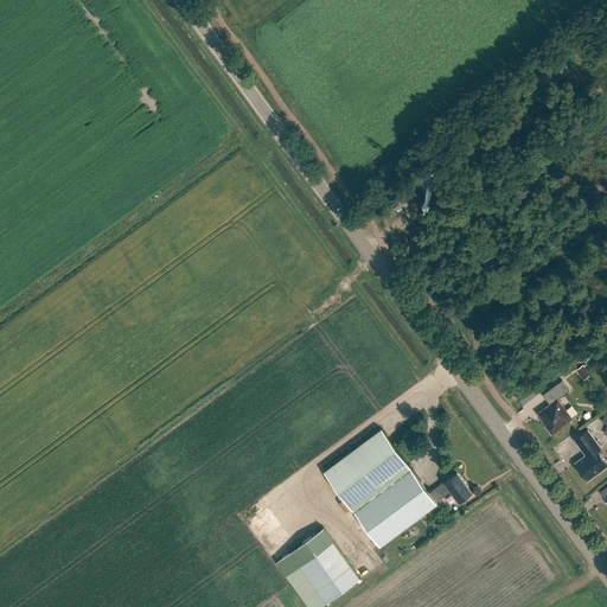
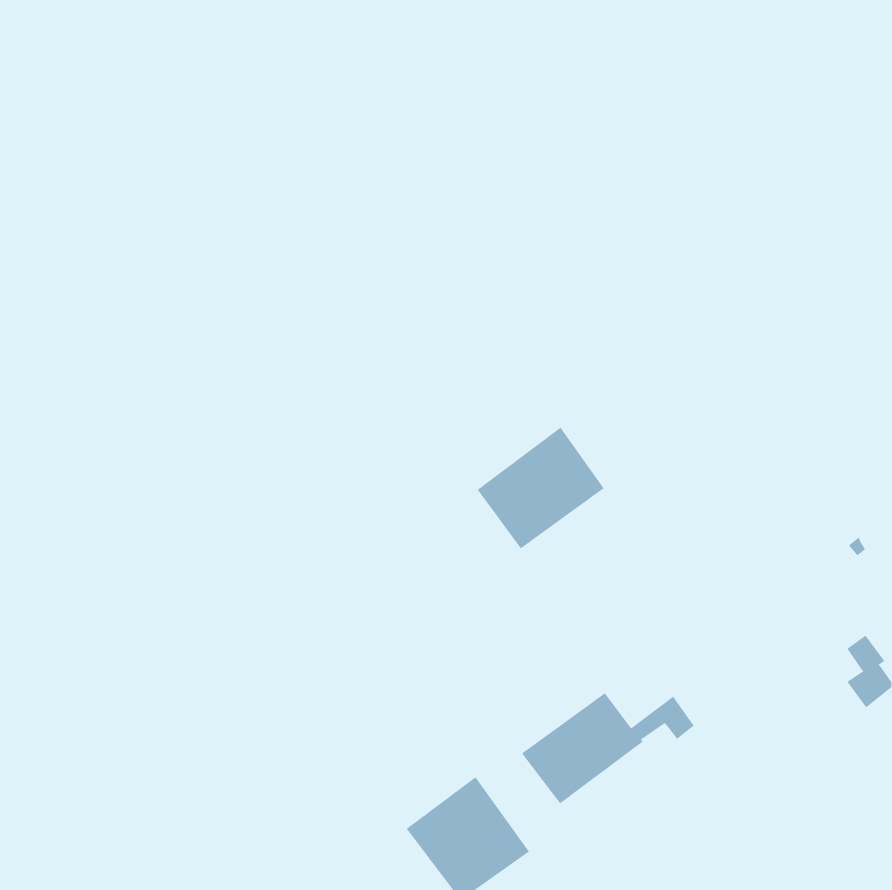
building: [537,383,571,437] -> none
building: [324,430,410,513] -> [477,427,604,549]

